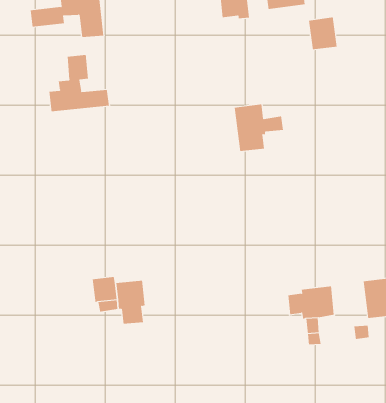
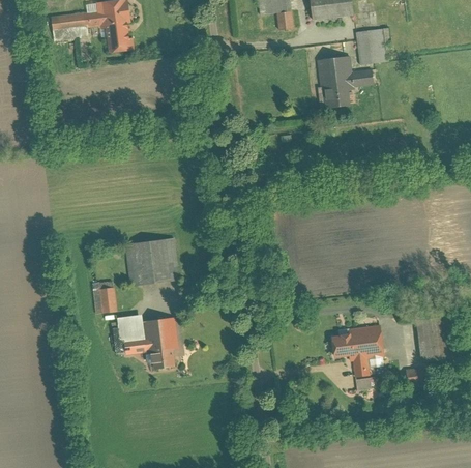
building: [49,54,110,112] -> none
building: [234,104,284,152] -> [318,56,373,109]
building: none -> [124,236,179,285]
building: none -> [93,286,116,313]

